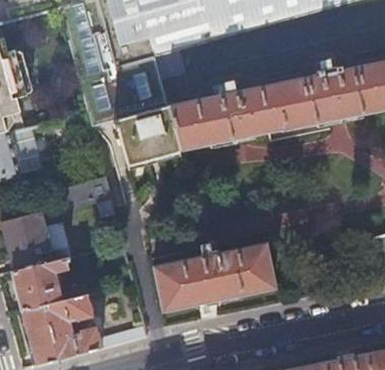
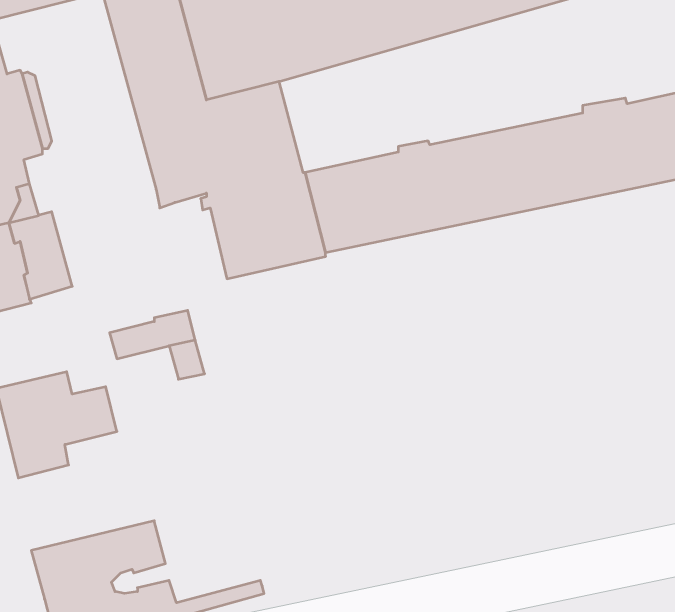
building: [155,243,274,311] -> none
building: [11,258,88,311] -> none

